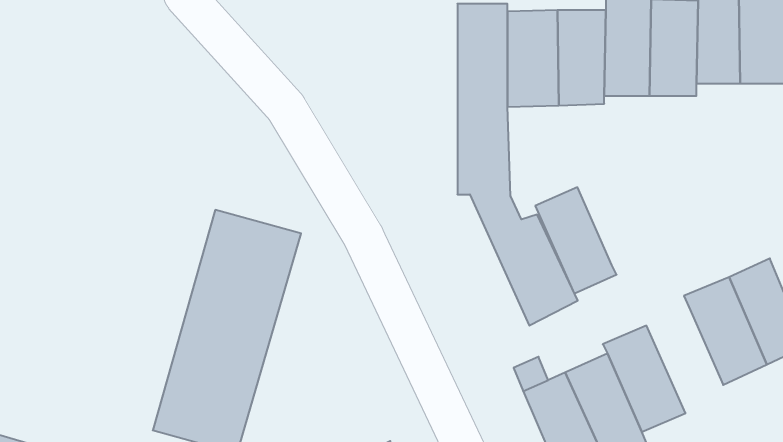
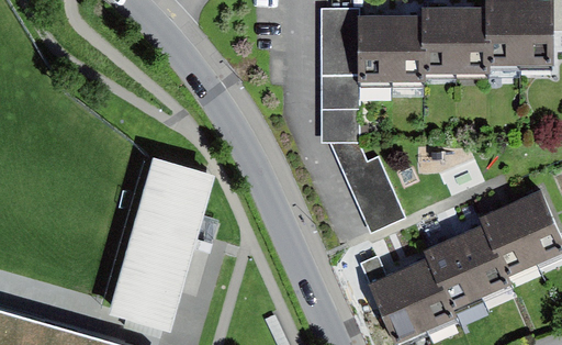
building: [535,187,617,293] -> [454,222,512,297]

